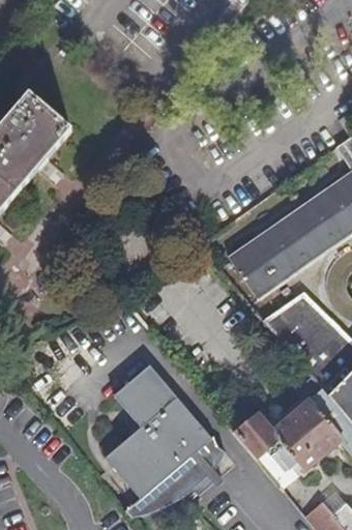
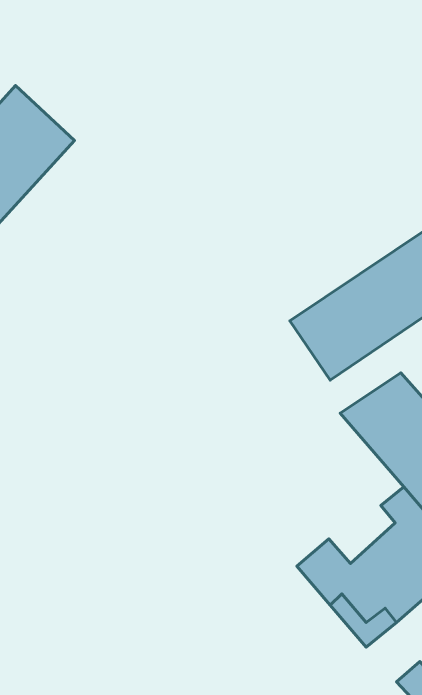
building: [106,366,224,517] -> none

